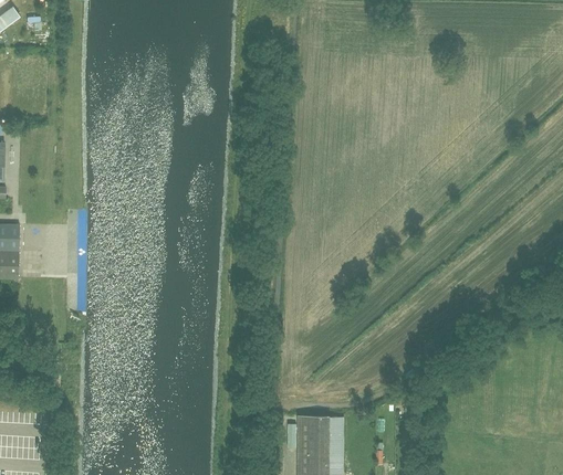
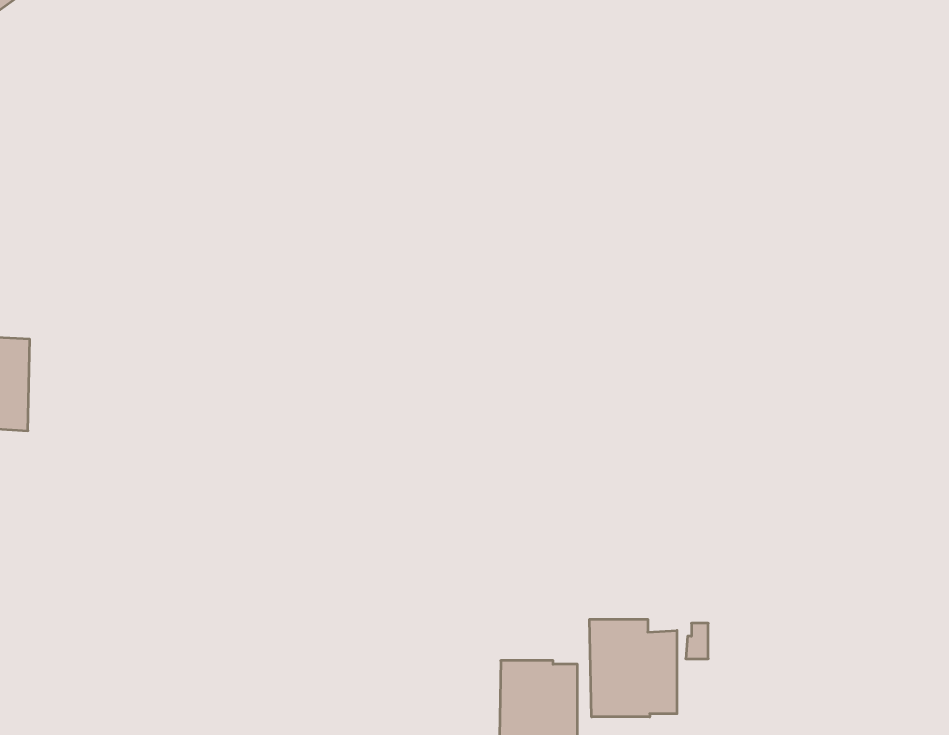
building: none -> [590,619,677,717]

